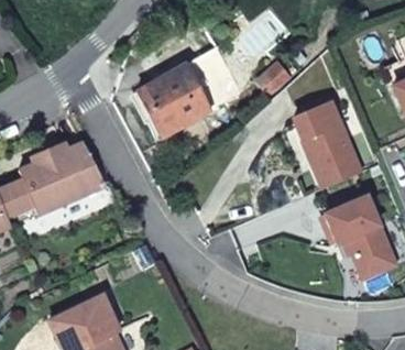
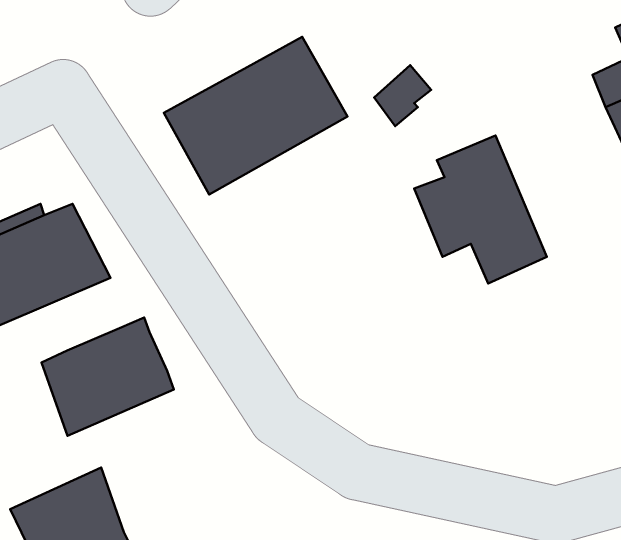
building: [327,195,397,277] -> none
building: none -> [41,317,174,436]

